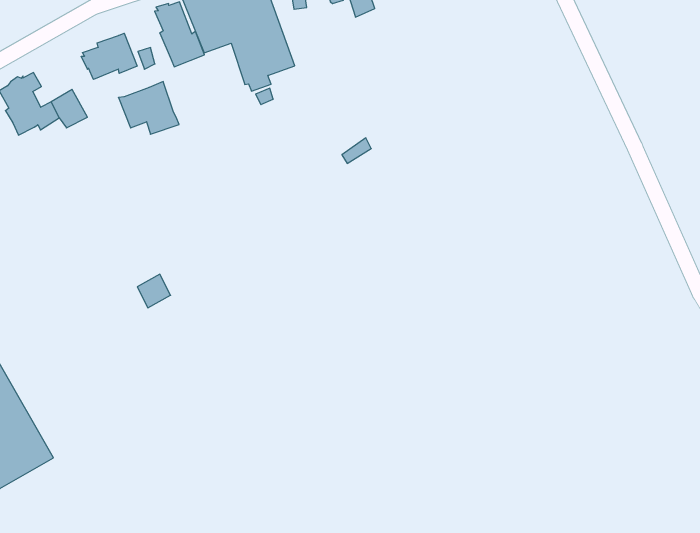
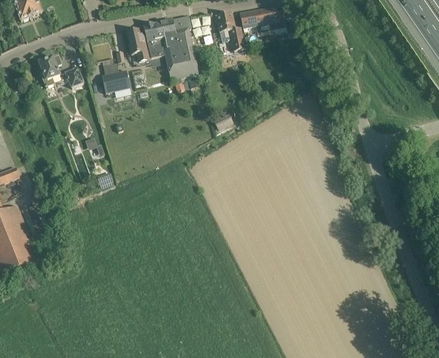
building: [81,33,137,79] -> none

